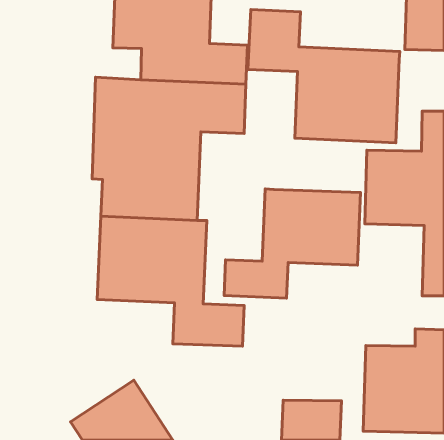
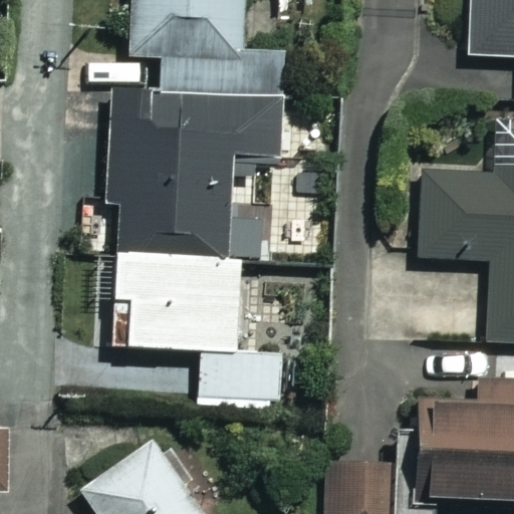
building: [248,10,400,143] -> none
building: [224,189,360,298] -> none

